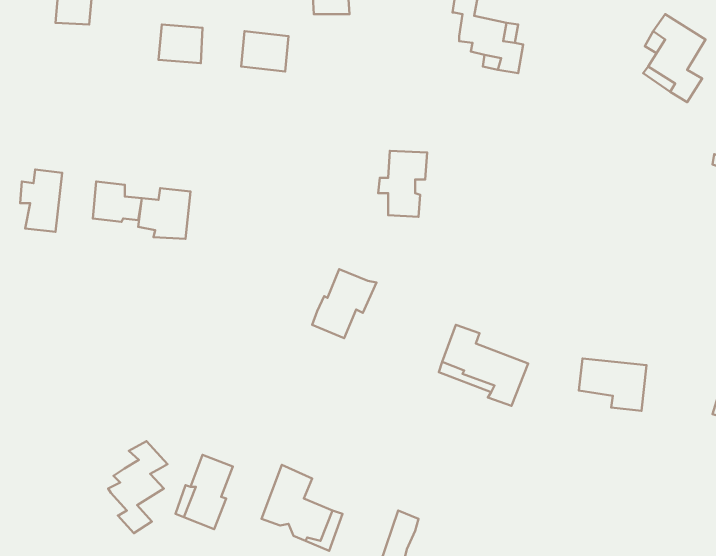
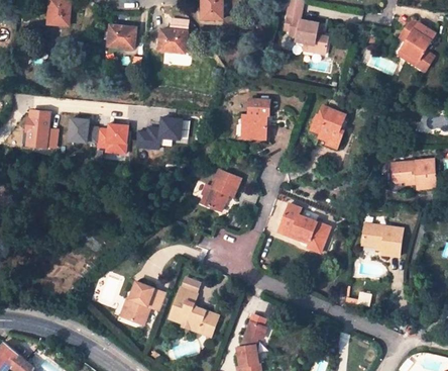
building: none -> [311,107,344,149]
building: none -> [136,117,183,148]
building: none -> [388,159,433,188]
building: [108,441,168,533] -> none

